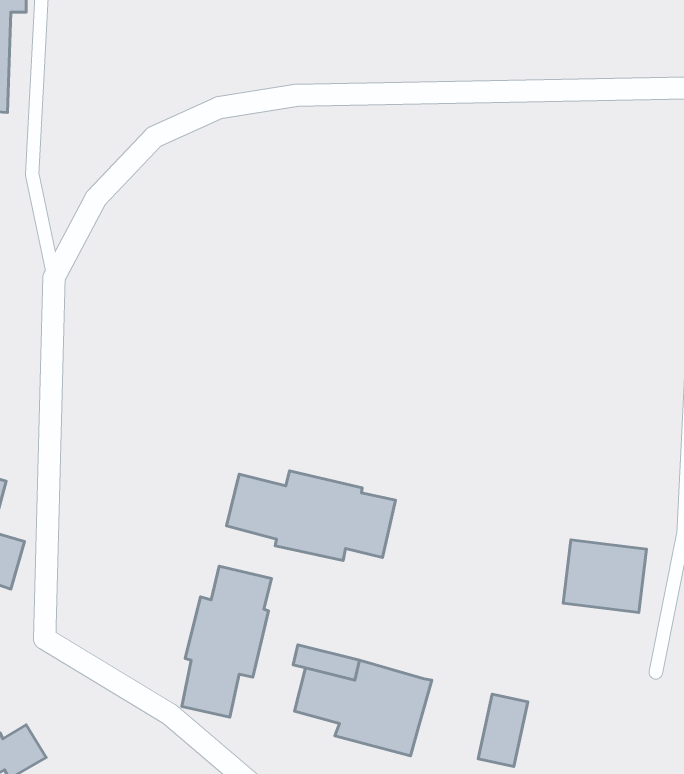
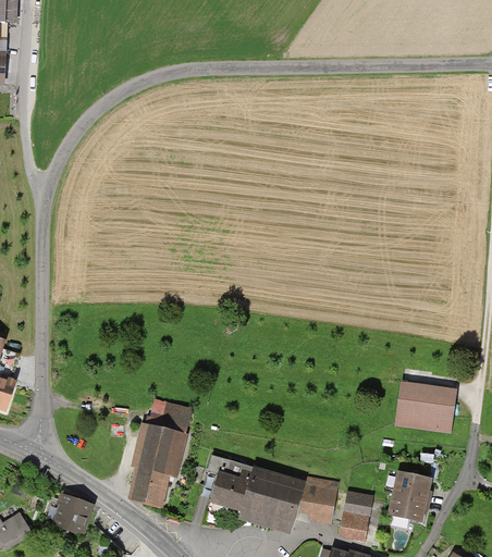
building: [227,471,396,561] -> none
building: none -> [388,469,433,521]
building: none -> [296,473,337,522]
building: none -> [51,493,94,535]

